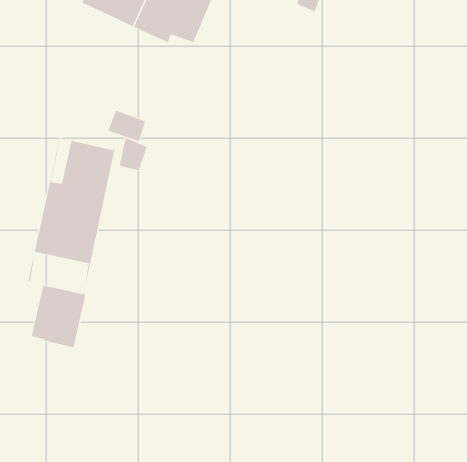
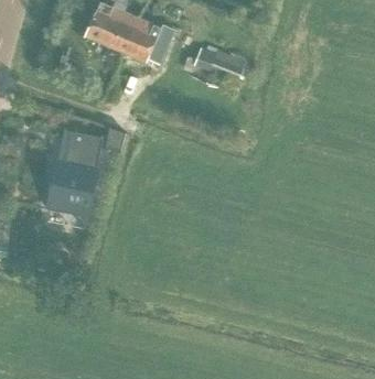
building: none -> [181,46,245,80]
building: [31,285,86,348] -> none

